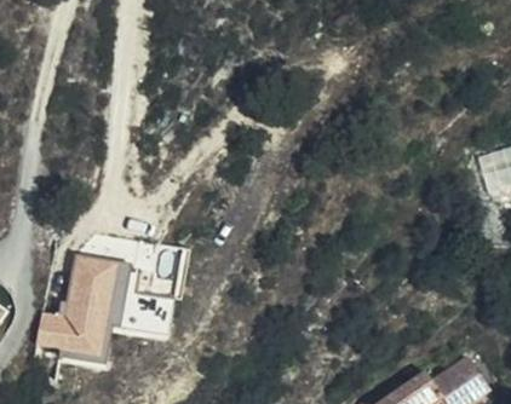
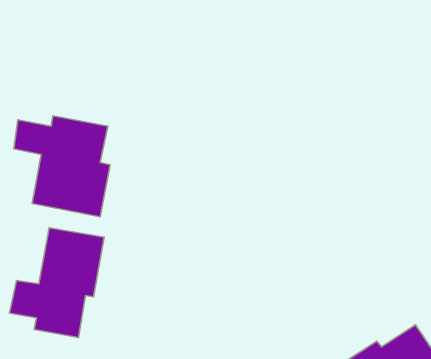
building: none -> [14,116,110,217]

